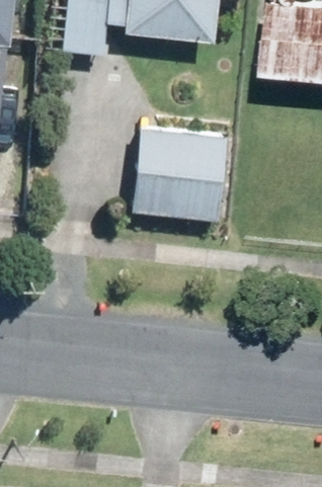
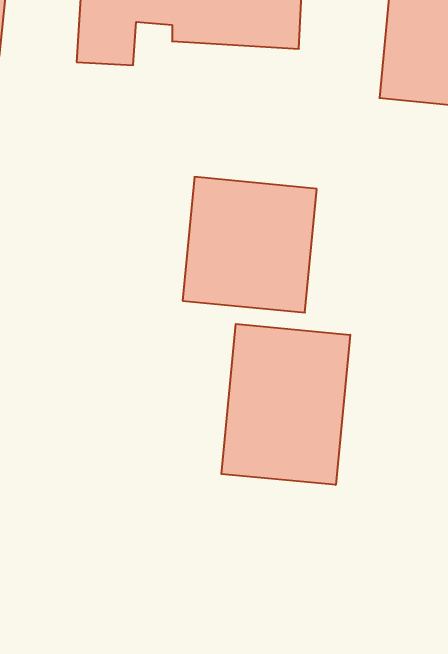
building: none -> [221,324,350,485]

